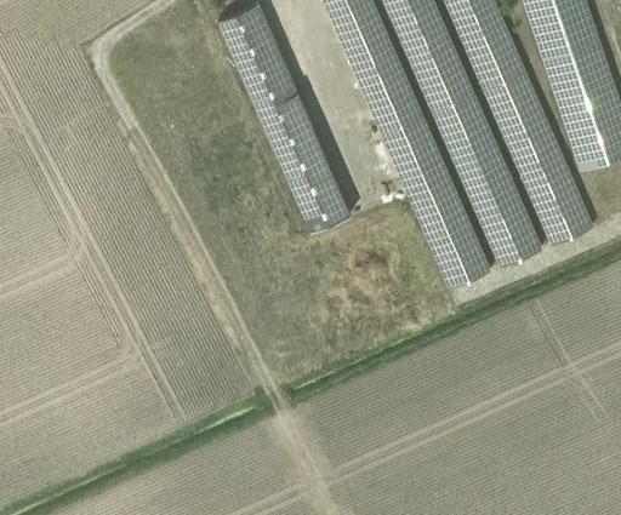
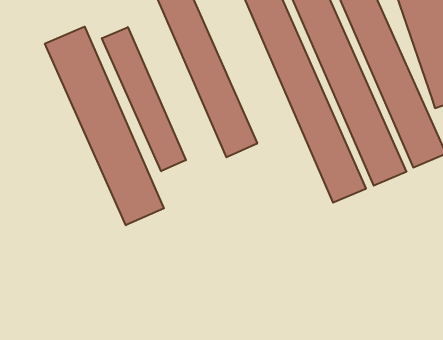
building: none -> [45,27,164,225]
building: none -> [102,27,186,171]

